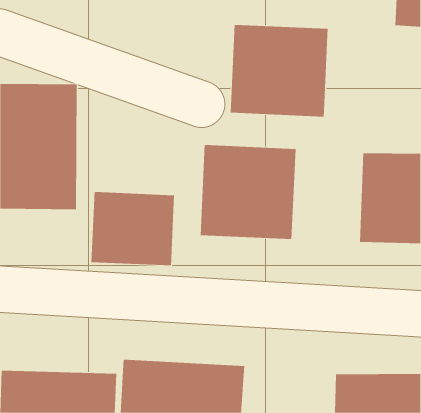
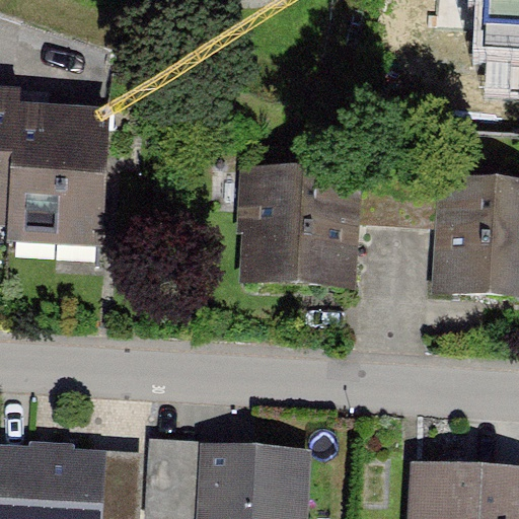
building: [230,24,328,117] -> none
building: [91,191,175,266] -> none

